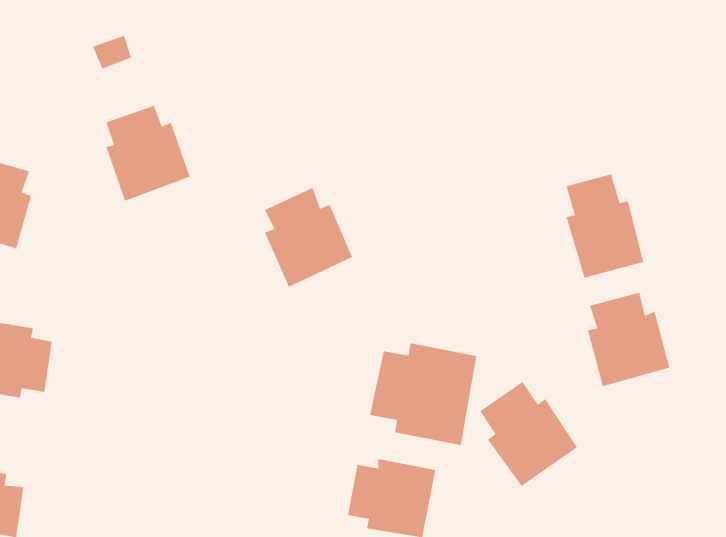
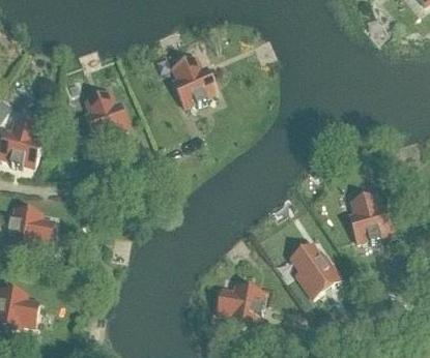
building: [566,174,644,279] -> none
building: [264,187,353,287] -> [171,54,220,109]
building: [370,343,477,446] -> none

